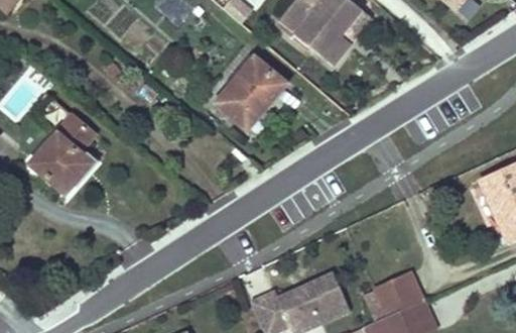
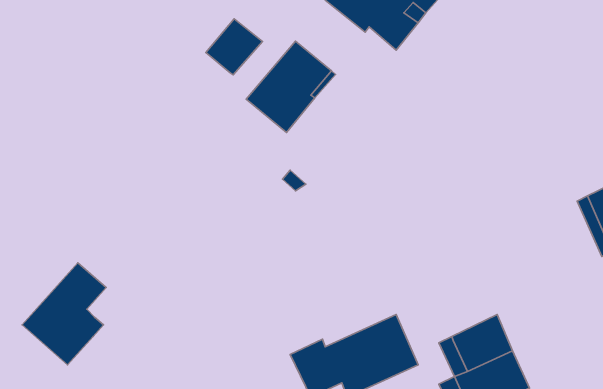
building: none -> [206,19,263,75]
building: [30,114,96,194] -> [22,263,106,365]

